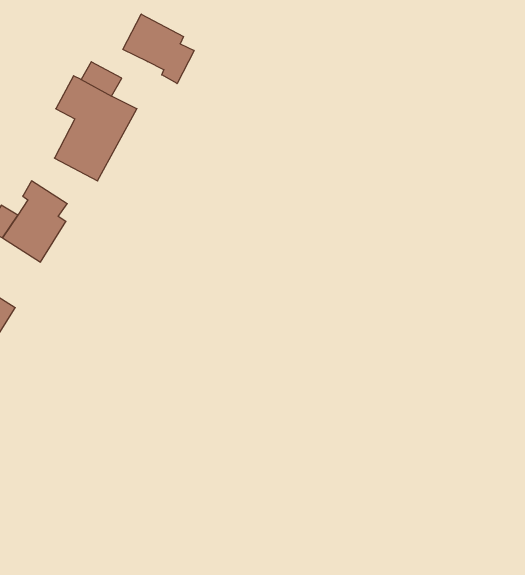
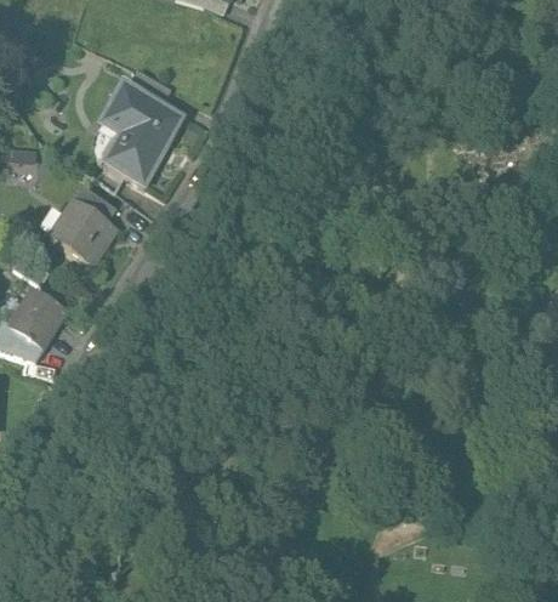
building: [123,14,194,84] -> none

